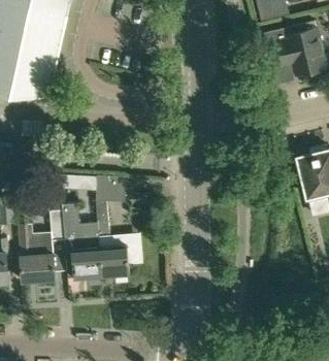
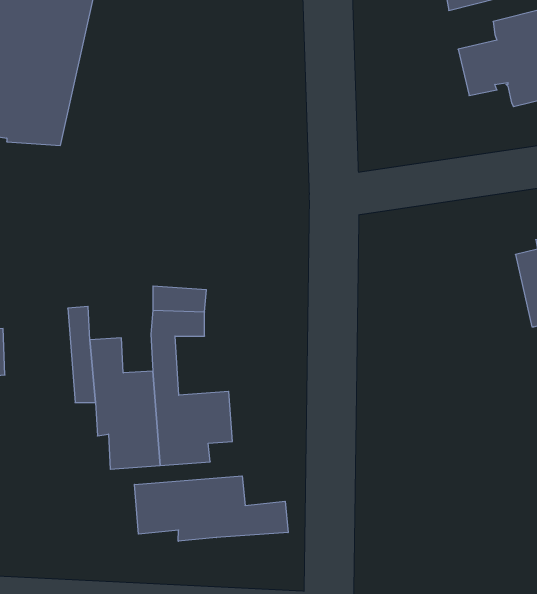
building: [19,238,55,283] -> none
building: none -> [134,476,288,541]

